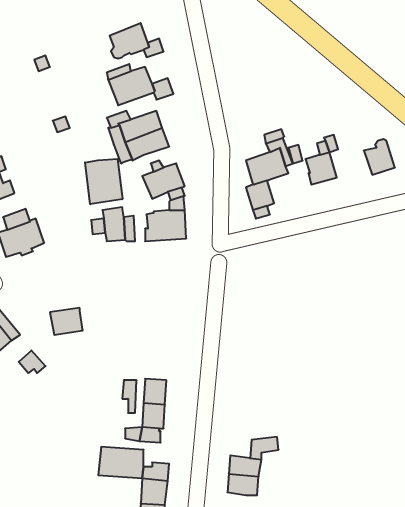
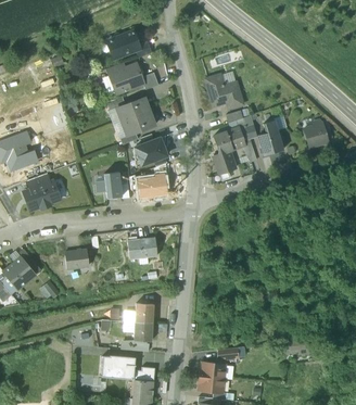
building: none -> [204,74,243,109]
building: [85,159,122,204] -> none
building: none -> [127,237,156,260]

